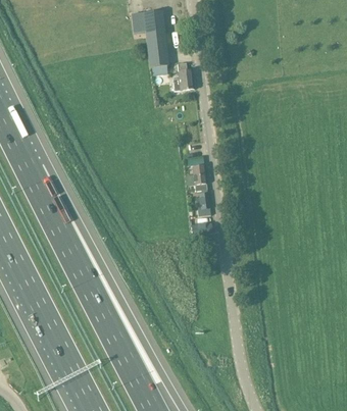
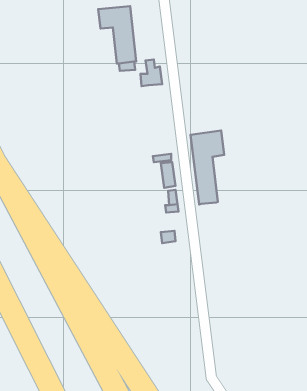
building: none -> [191,131,224,204]

